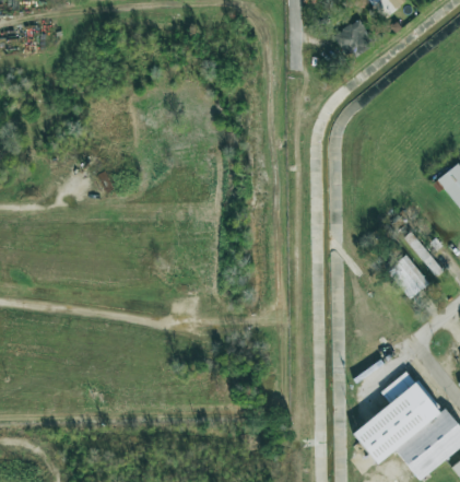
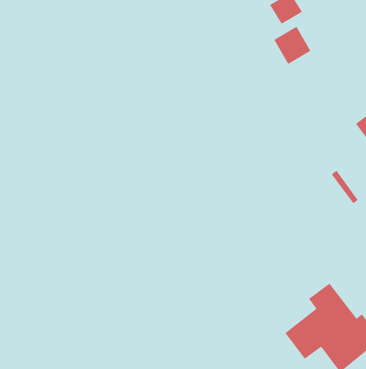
building: none -> [274,26,311,65]
building: [388,255,430,298] -> none

